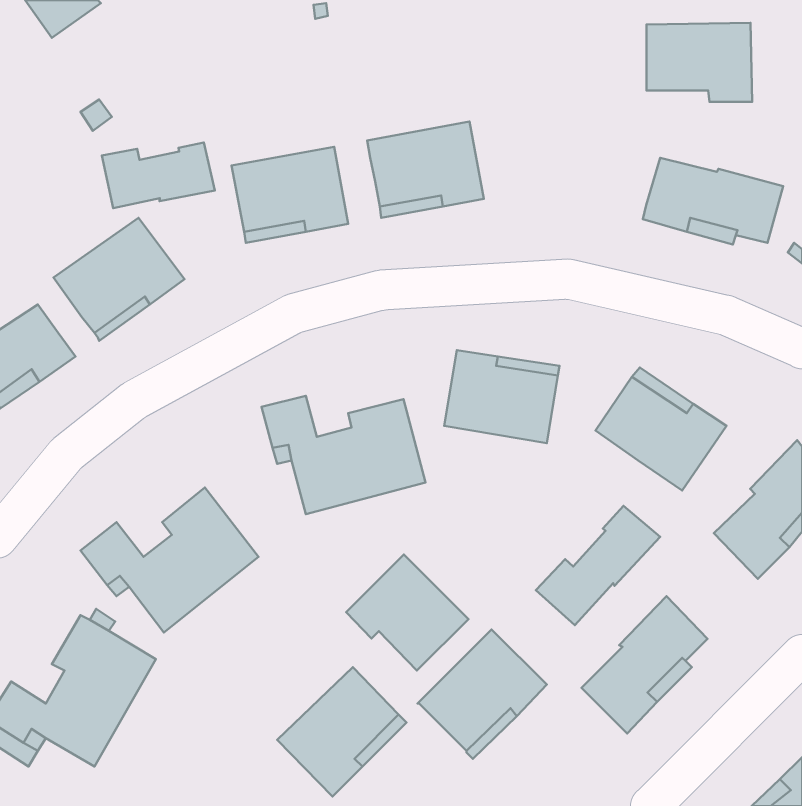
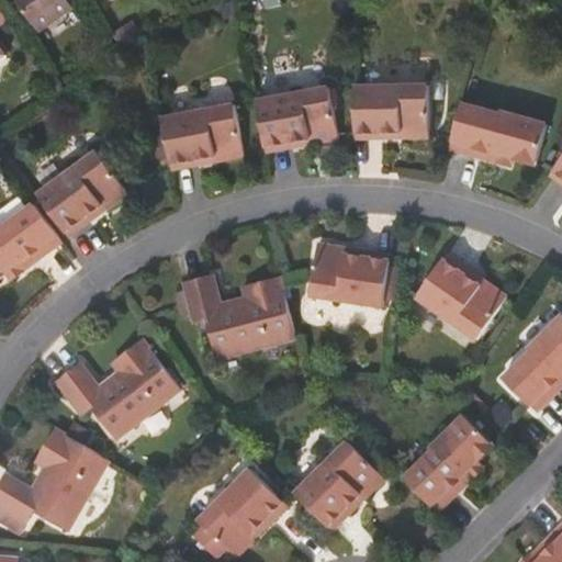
building: [647,23,752,102] -> [355,83,428,138]
building: [102,142,215,208] -> none
building: [536,506,660,625] -> none
building: [346,554,469,671] -> none

